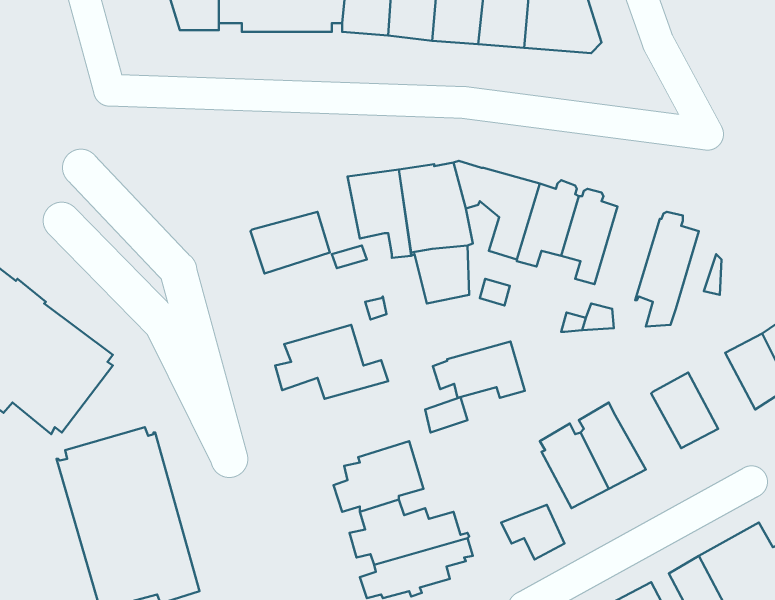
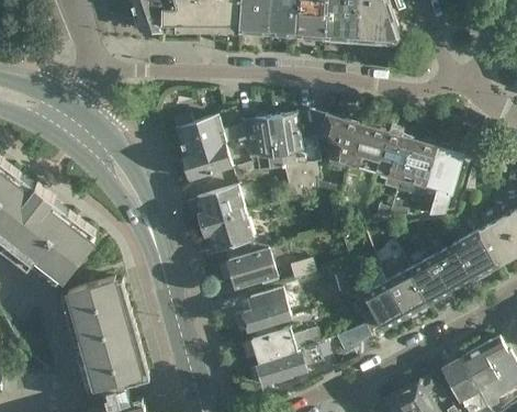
building: none -> [173,115,244,155]
building: none -> [395,138,436,199]
building: none -> [186,188,244,226]
building: [433,341,525,398] -> [218,249,276,285]
building: none -> [453,232,495,279]
building: none -> [404,255,449,304]

